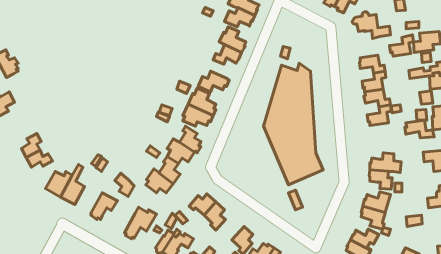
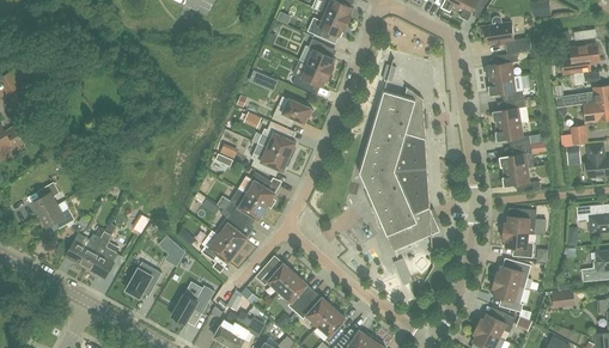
building: [389,35,413,56] -> [485,51,517,80]
building: [405,120,434,138] -> [501,167,541,191]
building: none -> [294,297,333,325]

